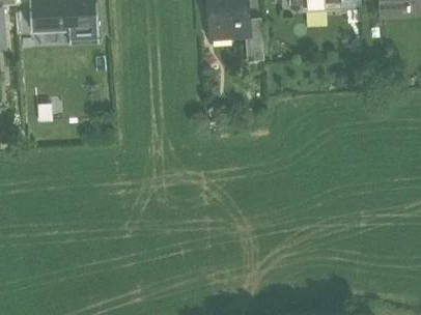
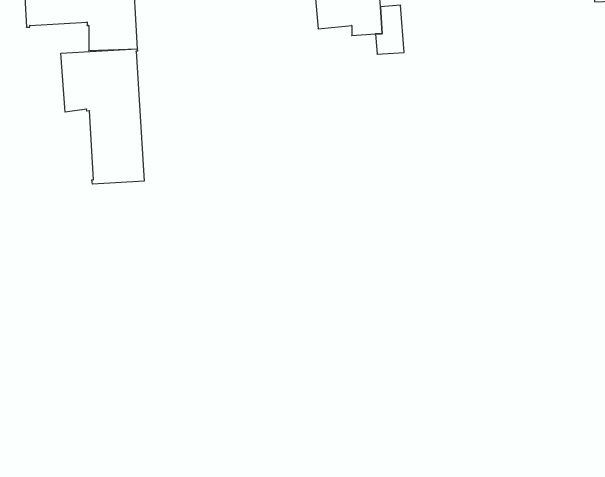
building: none -> [61,49,144,184]

